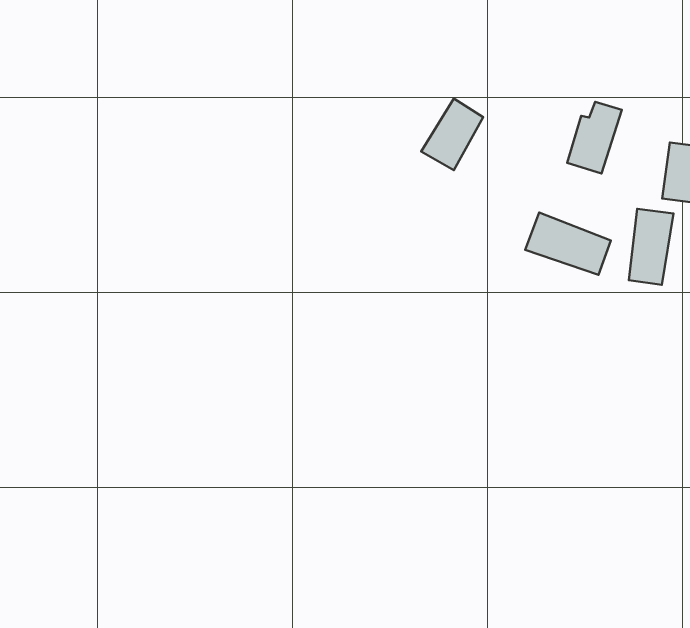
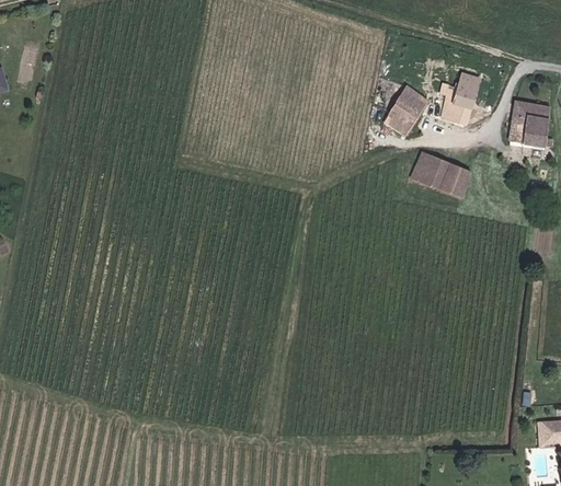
building: [421,99,483,170] -> [382,88,426,138]
building: [629,209,674,285] -> none

